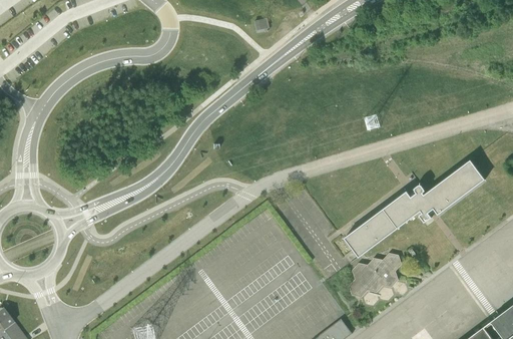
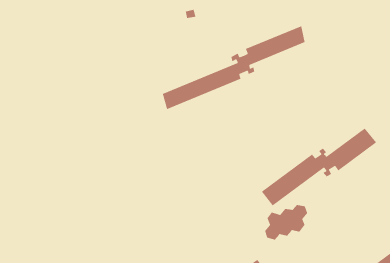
building: none -> [162,25,306,110]

